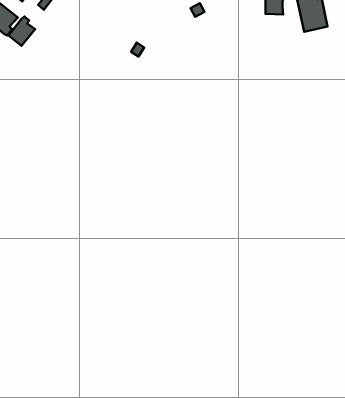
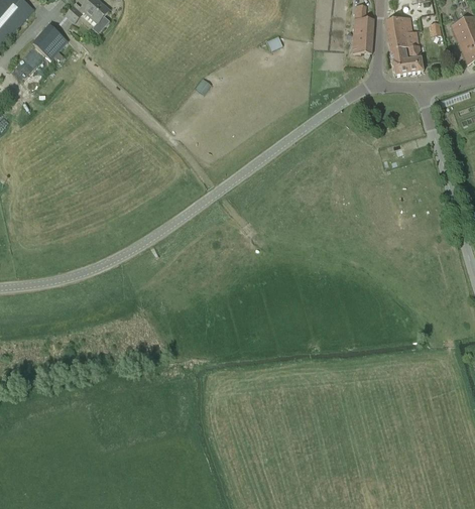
building: [9,16,35,46] -> none

